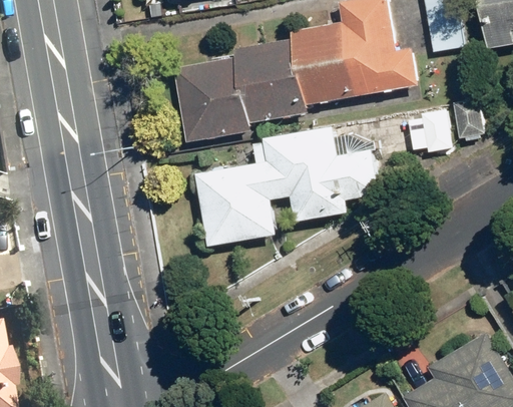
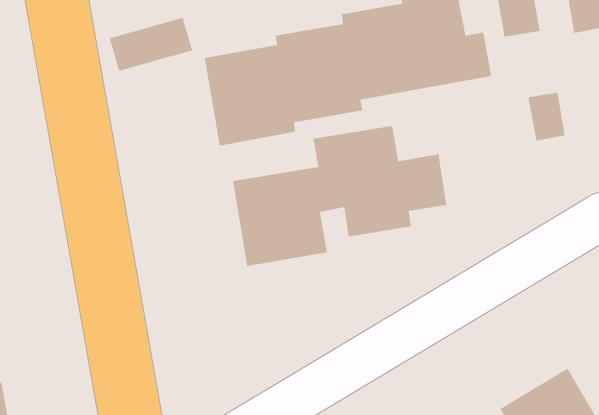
building: none -> [109,17,193,72]
building: [404,108,450,151] -> none

